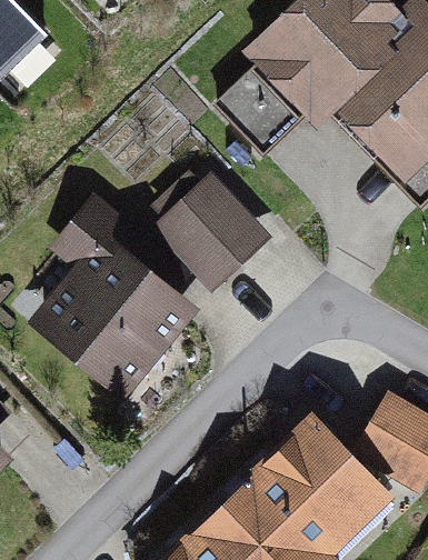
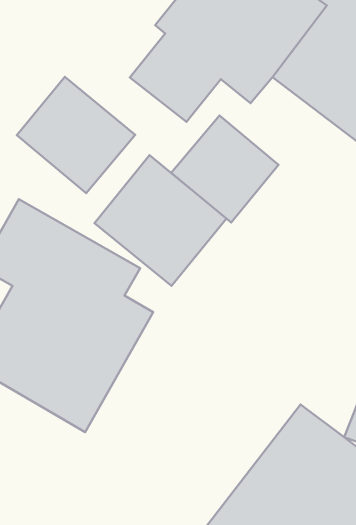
building: none -> [17,77,135,193]
building: none -> [171,115,279,222]

